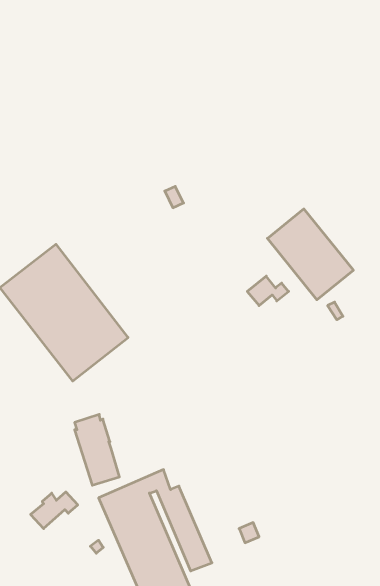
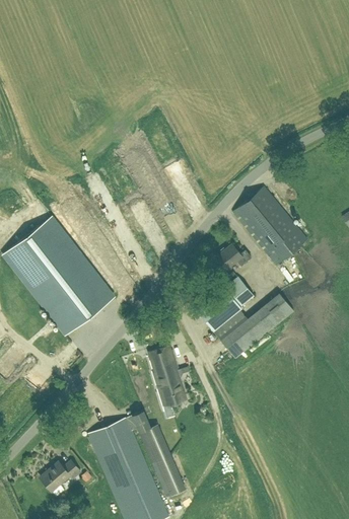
building: none -> [198,276,294,357]
building: [75,414,119,485] -> [148,346,187,406]
building: [31,492,78,529] -> [41,460,81,492]

